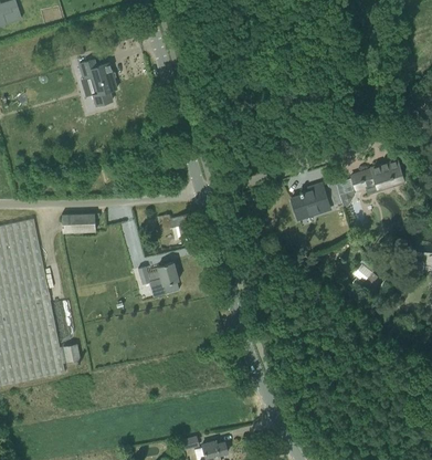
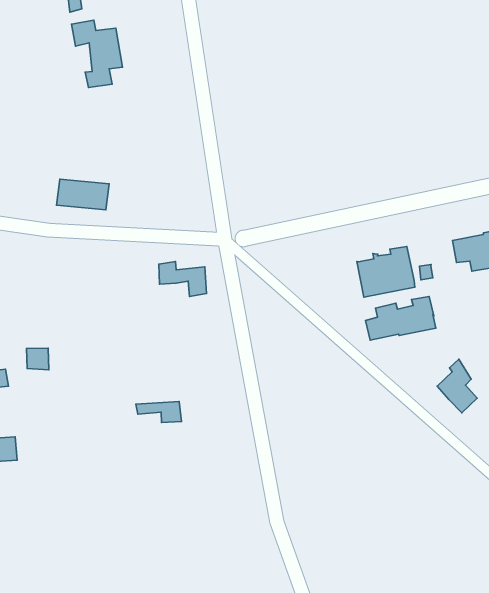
building: [62,213,95,232] -> [56,179,109,210]
building: none -> [365,296,436,340]
building: [138,262,179,293] -> none

